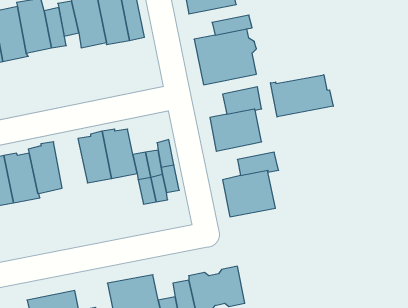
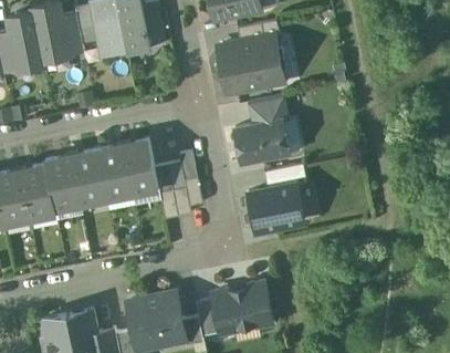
building: [271,75,333,117] -> none
building: none -> [71,150,106,203]

